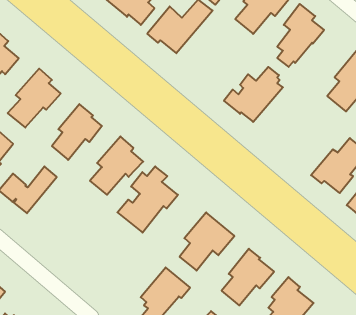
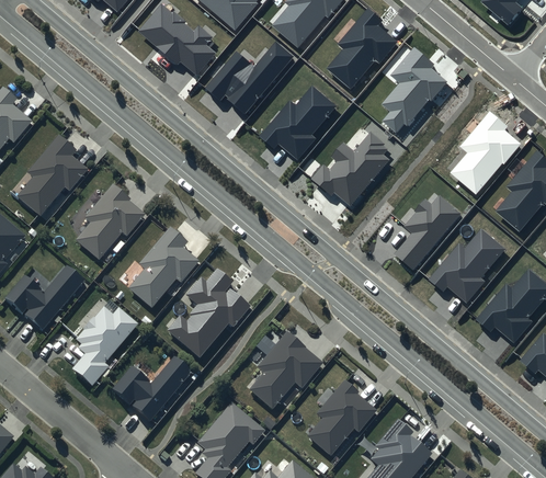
building: none -> [259,86,337,160]
building: none -> [394,195,462,271]
building: none -> [72,308,138,388]
building: none -> [112,355,194,422]

